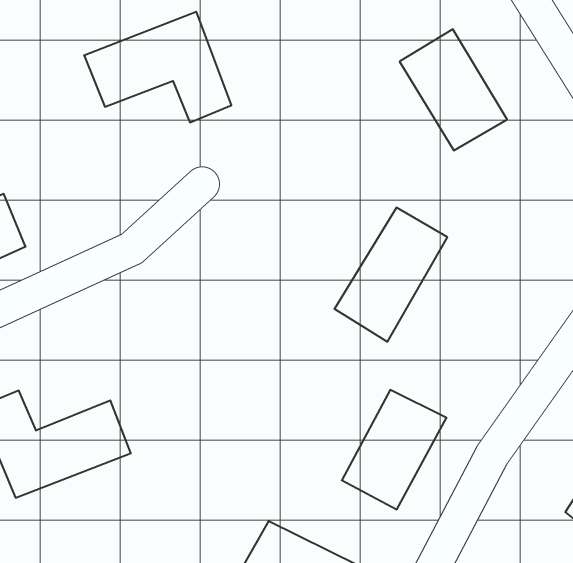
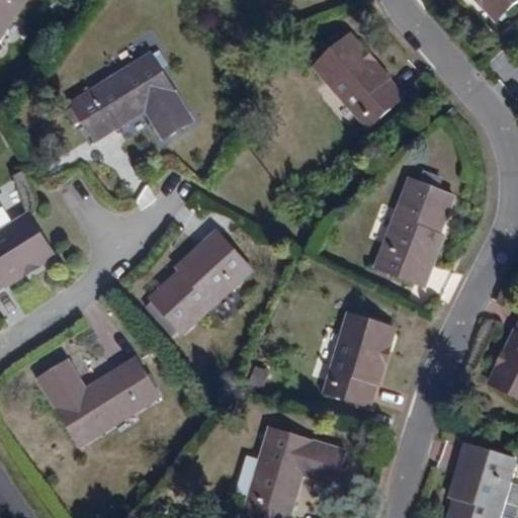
building: [334,208,447,342] -> [376,183,453,286]
building: none -> [149,240,249,335]

